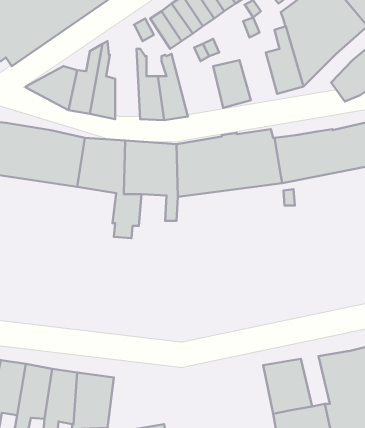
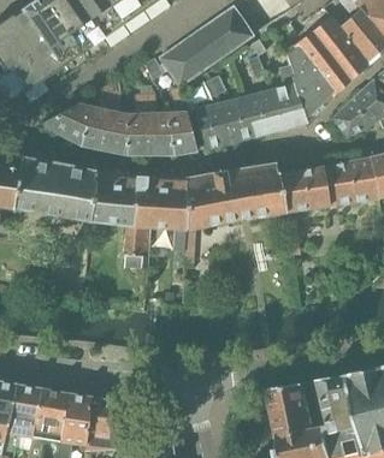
building: none -> [125,85,149,153]
building: none -> [244,89,280,135]
building: none -> [193,102,229,149]

